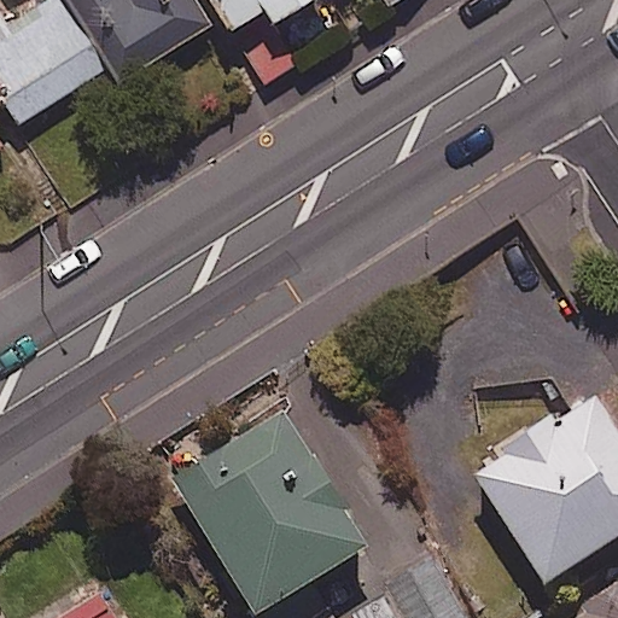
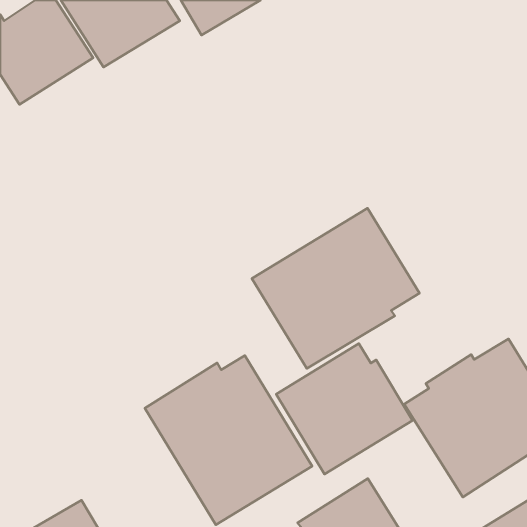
building: none -> [252,208,420,369]
building: none -> [276,343,412,474]

